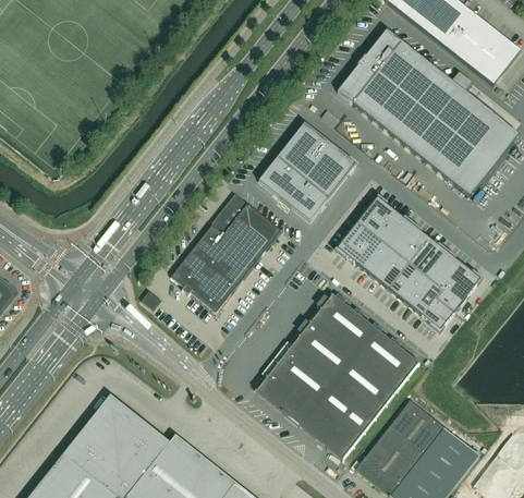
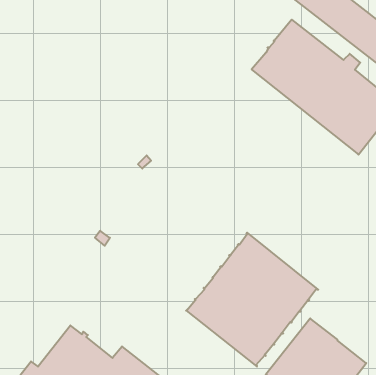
building: [258,121,355,220] -> none
building: [170,191,281,311] -> none
building: [334,193,483,331] -> none

